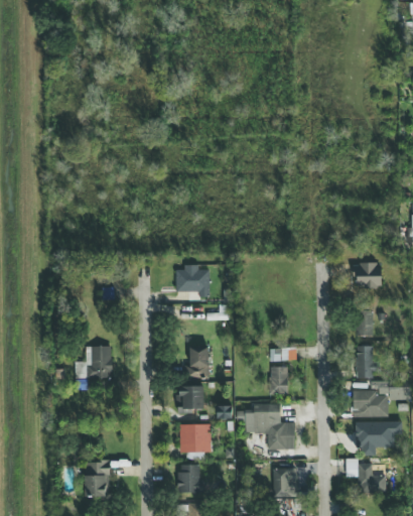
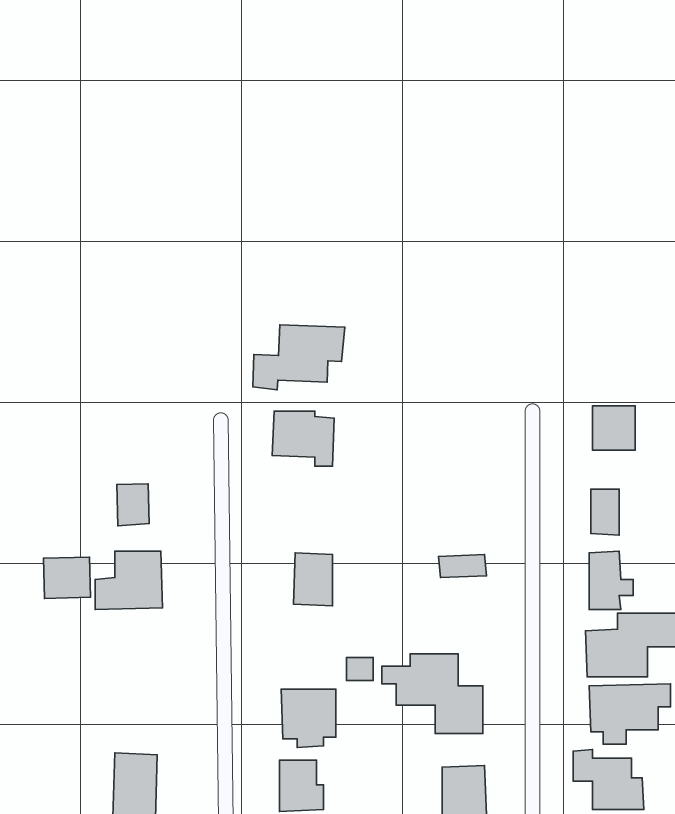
building: none -> [253,325,345,390]
building: none -> [117,484,149,526]
building: none -> [44,557,91,598]
building: [269,367,287,395] -> none
building: [177,386,203,411] -> none

